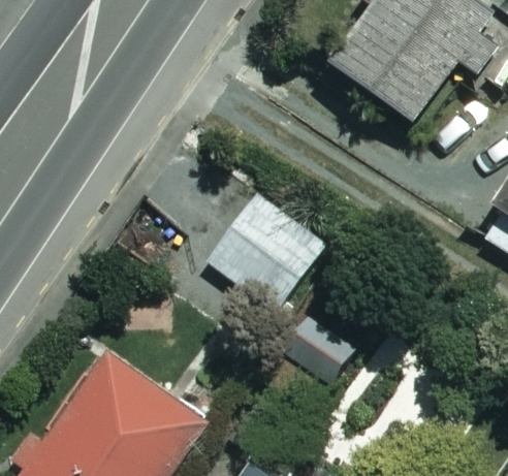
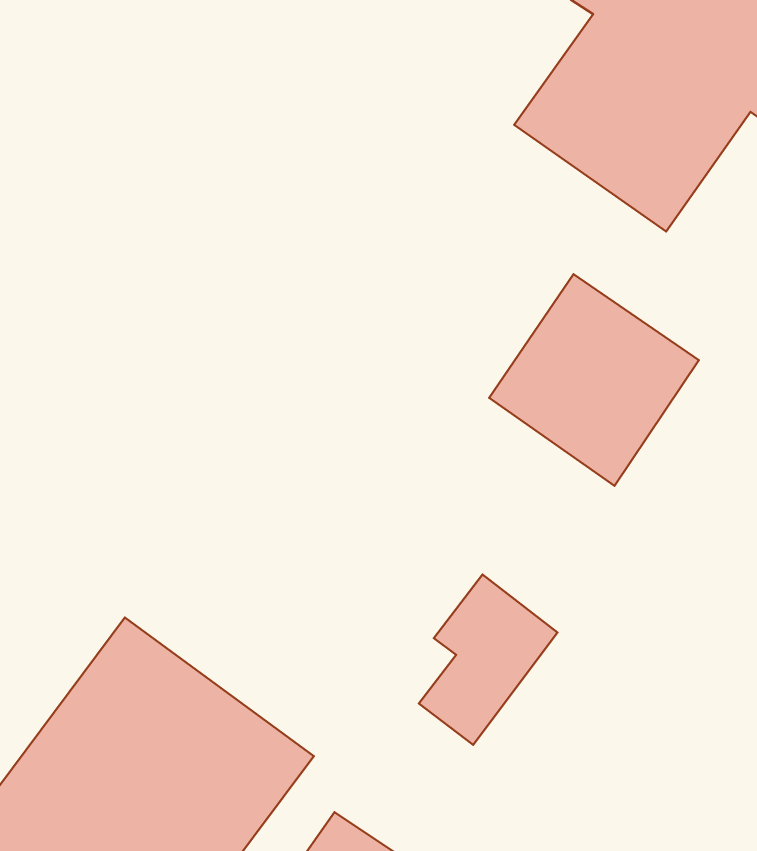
building: [211,196,326,313] -> [489,274,699,486]

